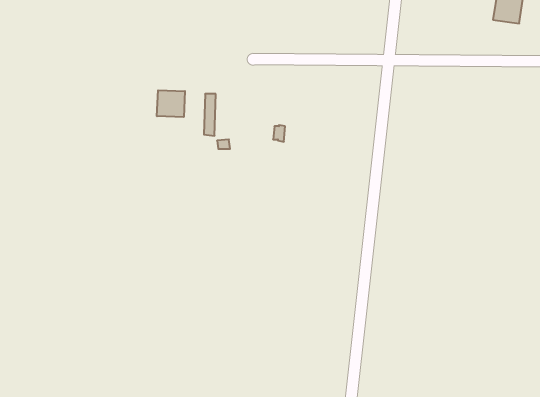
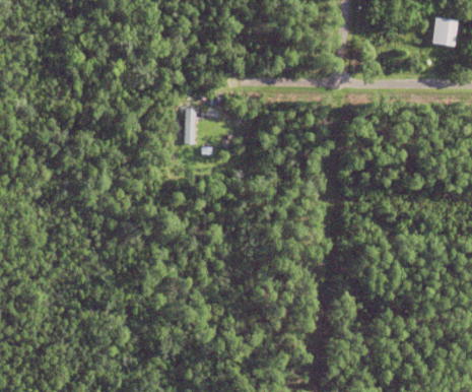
building: [157,90,185,117] -> none

